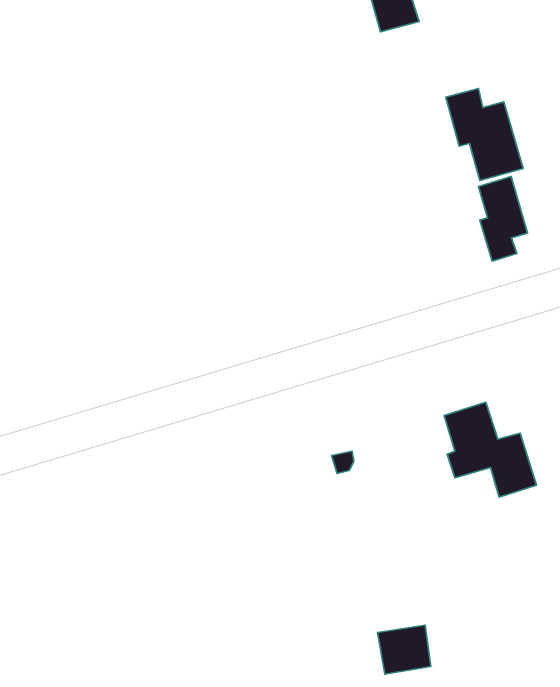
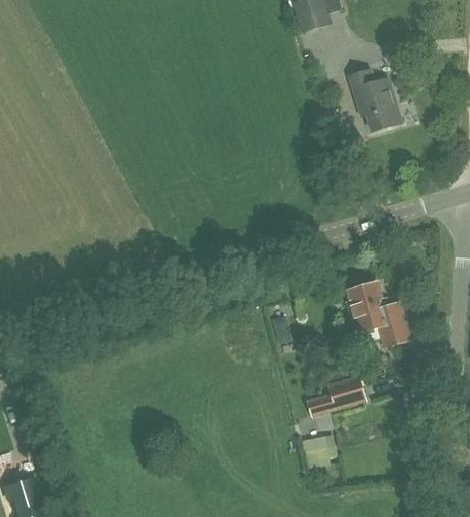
building: [478,177,527,261] -> none
building: none -> [307,376,364,415]

